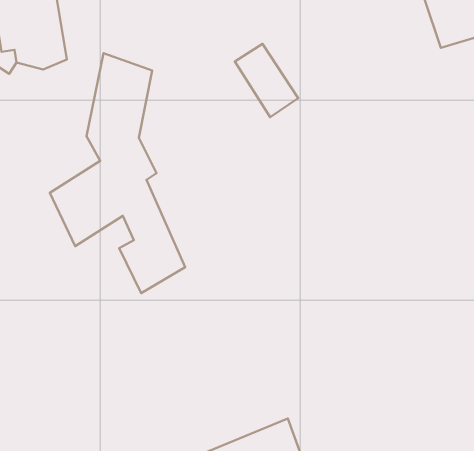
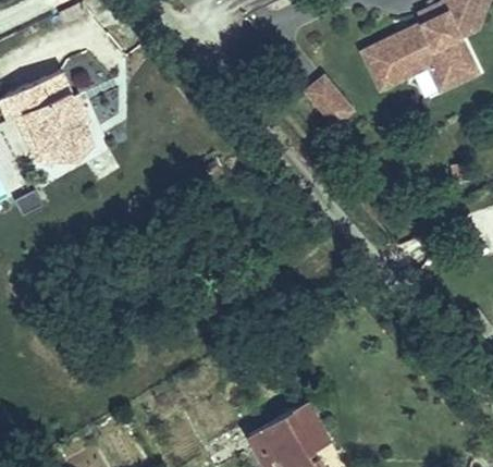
building: [235,44,298,117] -> [305,74,359,131]
building: [50,53,185,293] -> none

